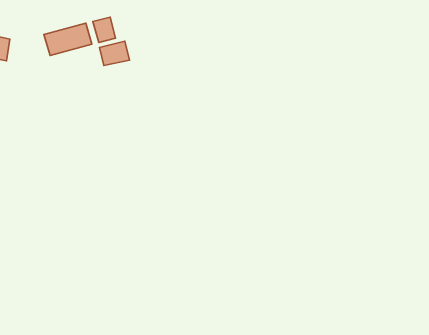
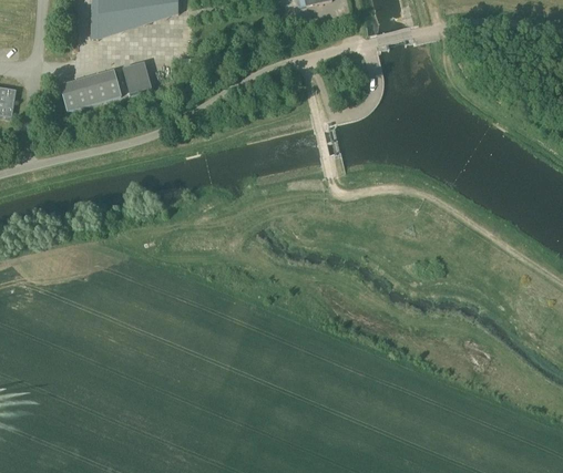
building: [100,41,130,66] -> none

